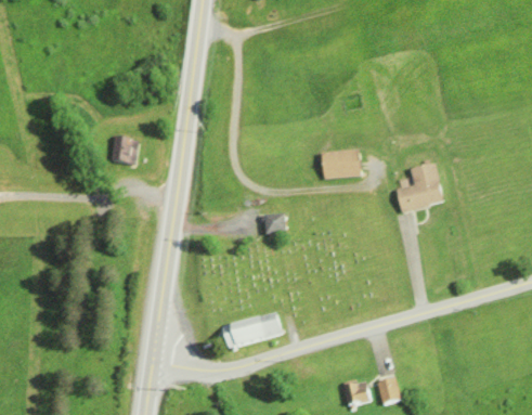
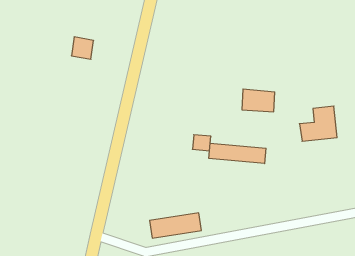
building: [113,138,139,164] -> [71,37,94,59]
building: none -> [209,143,266,164]

